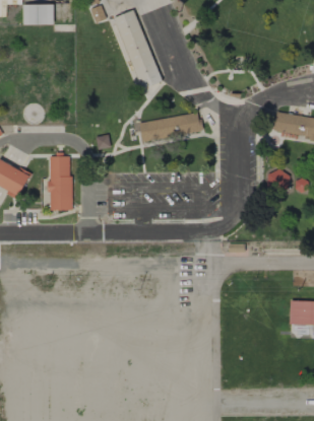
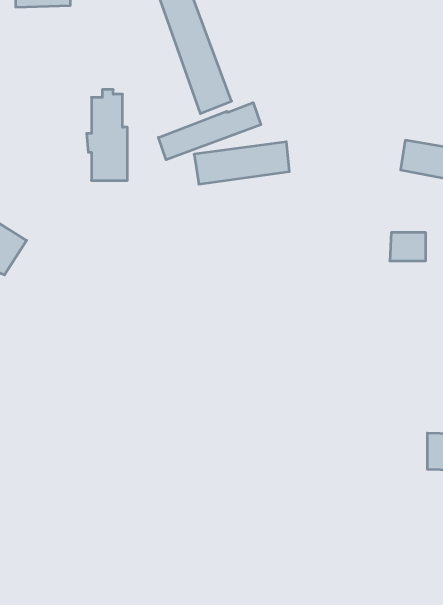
building: none -> [158,103,261,160]
building: [46,152,72,211] -> [87,90,127,180]

